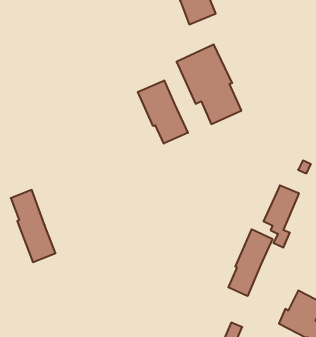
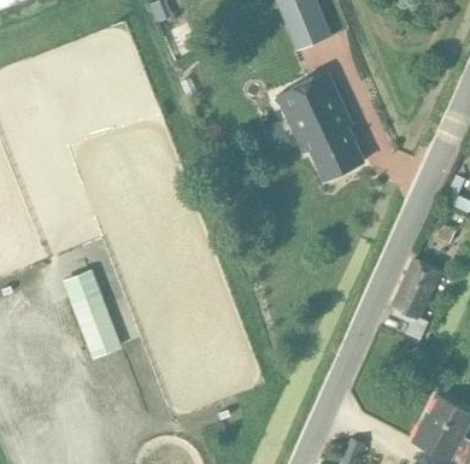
building: [138,80,188,144] -> none
building: [228,229,272,296] -> none

